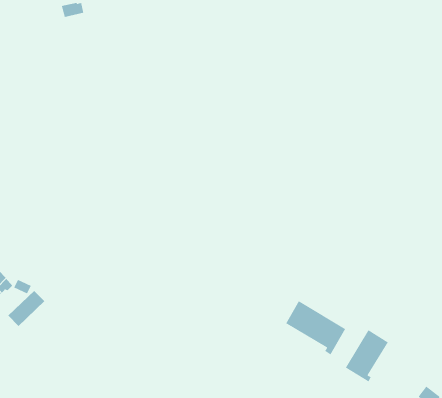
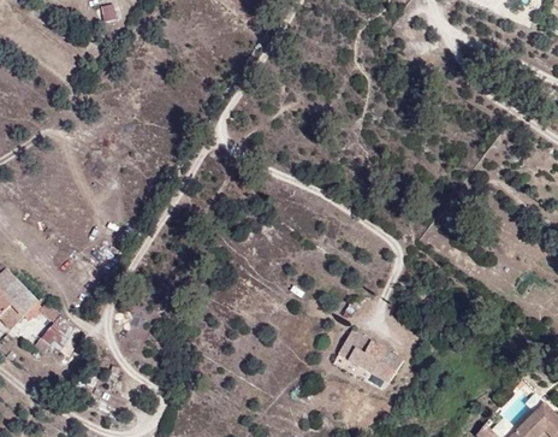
building: [345,329,389,383] -> none

